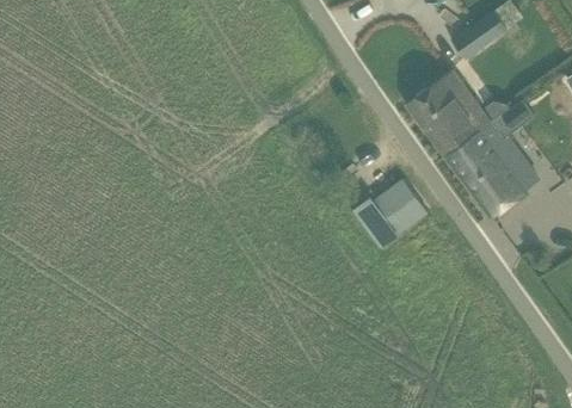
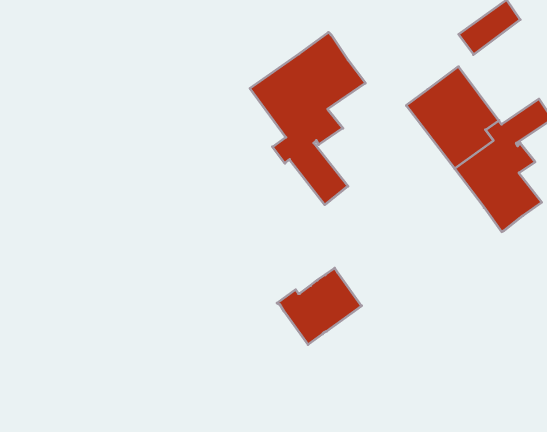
building: none -> [250,32,365,205]
building: [353,178,429,246] -> [277,268,362,345]

